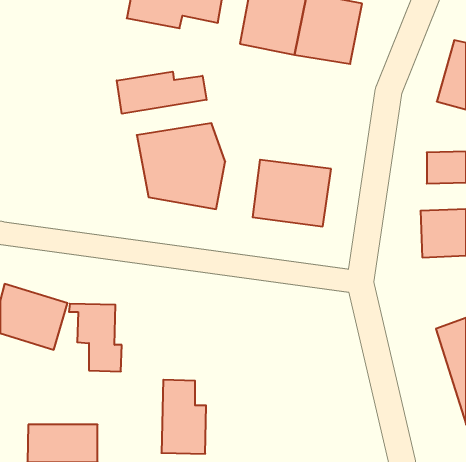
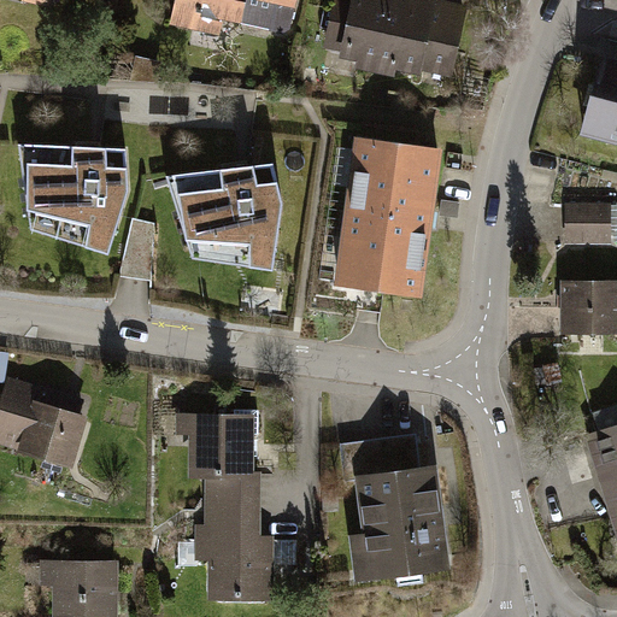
building: [117,72,207,114] -> none
building: none -> [343,130,447,223]
building: none -> [25,145,141,264]
building: [69,304,122,371] -> [189,413,259,503]
building: none -> [331,425,443,583]

